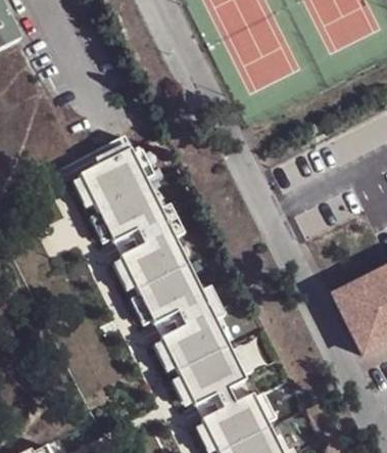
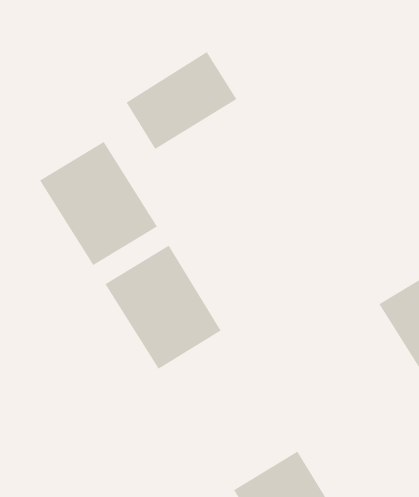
building: none -> [126,51,237,150]
building: [160,313,245,405] -> none

